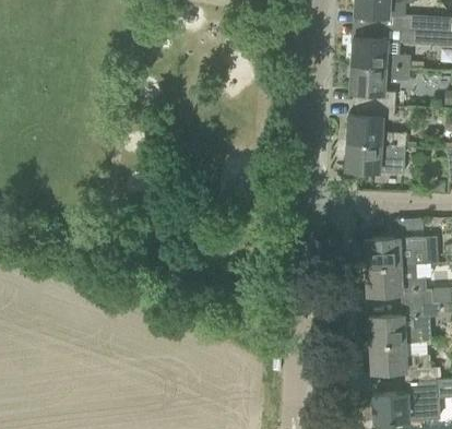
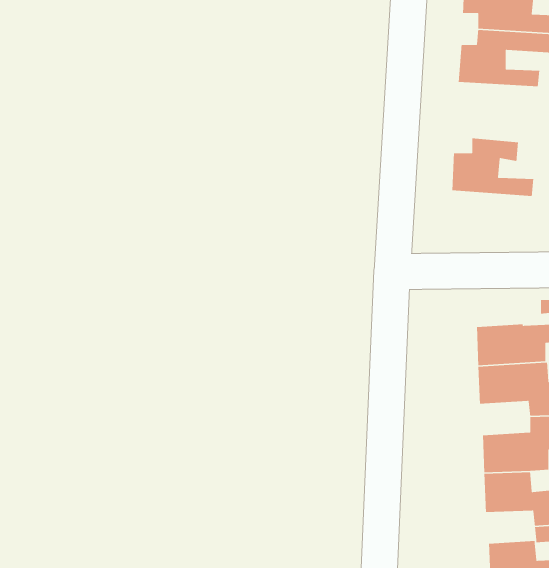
building: [350,65,409,108] -> none
building: [345,143,405,175] -> none

